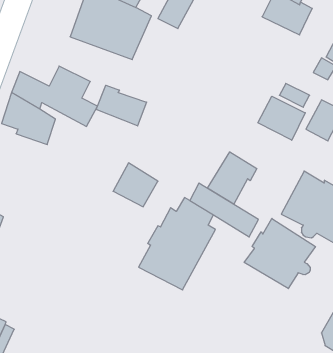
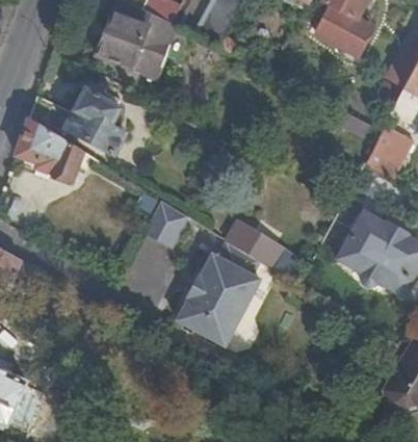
building: [96,85,147,126] -> none
building: [258,96,305,140] -> none
building: [207,152,257,204] -> none
building: [244,218,315,289] -> none

